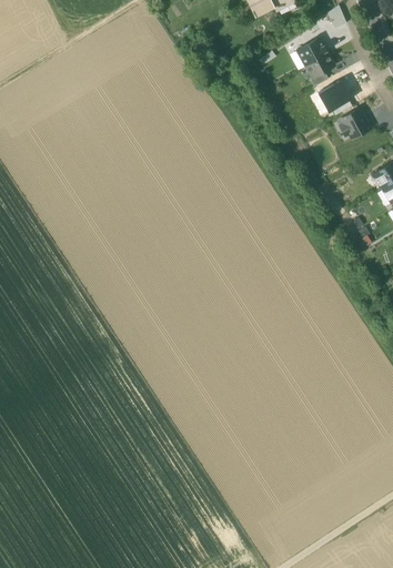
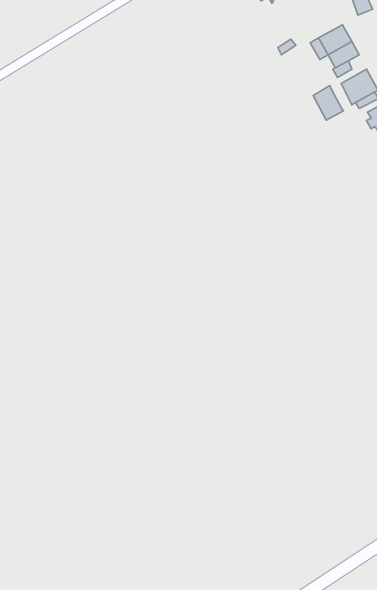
building: none -> [313,86,344,120]

